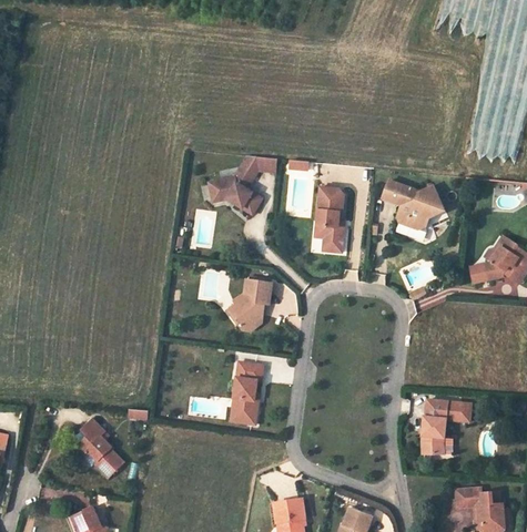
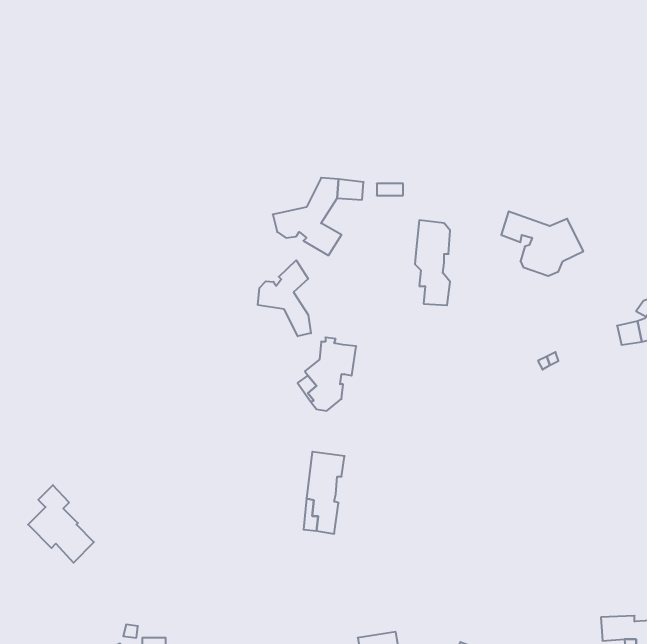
building: none -> [258,260,311,336]
building: [420,408,469,453] -> none
building: [73,419,123,478] -> [28,485,94,563]

